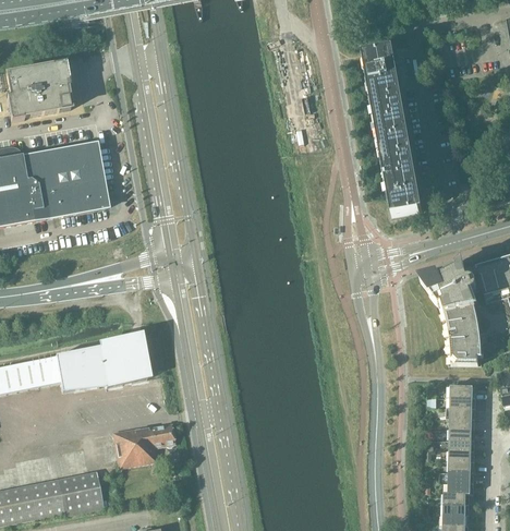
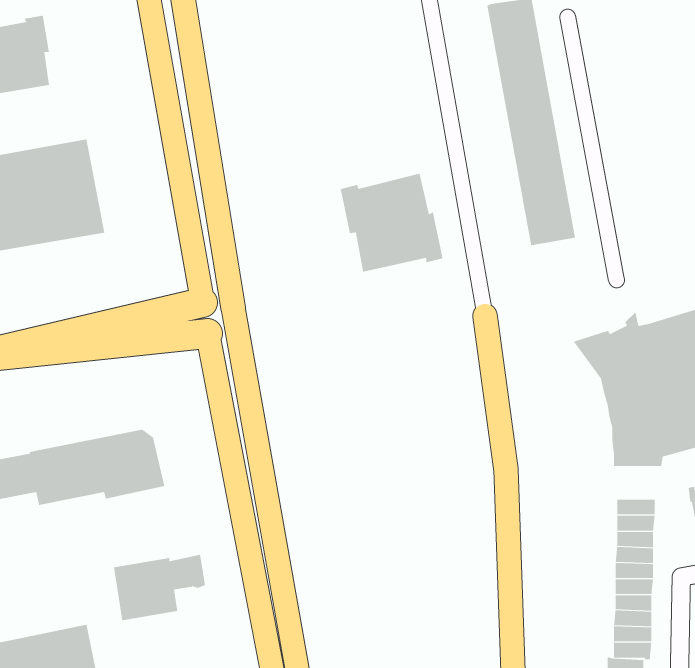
building: none -> [340,173,443,273]

